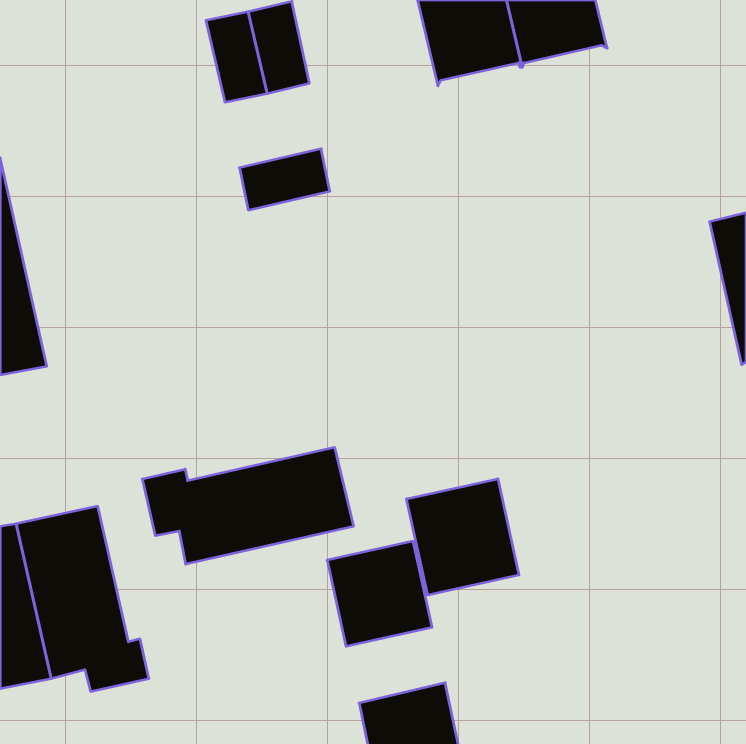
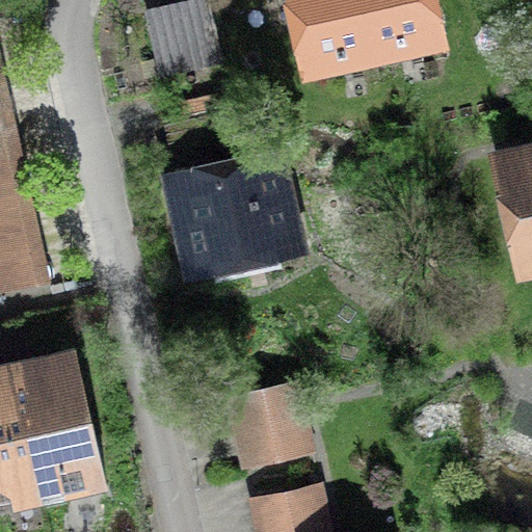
building: none -> [178,160,290,261]
building: [142,447,353,564] -> none
building: [407,479,519,595] -> none

